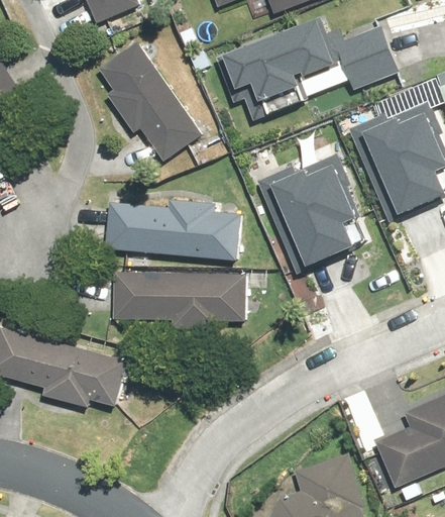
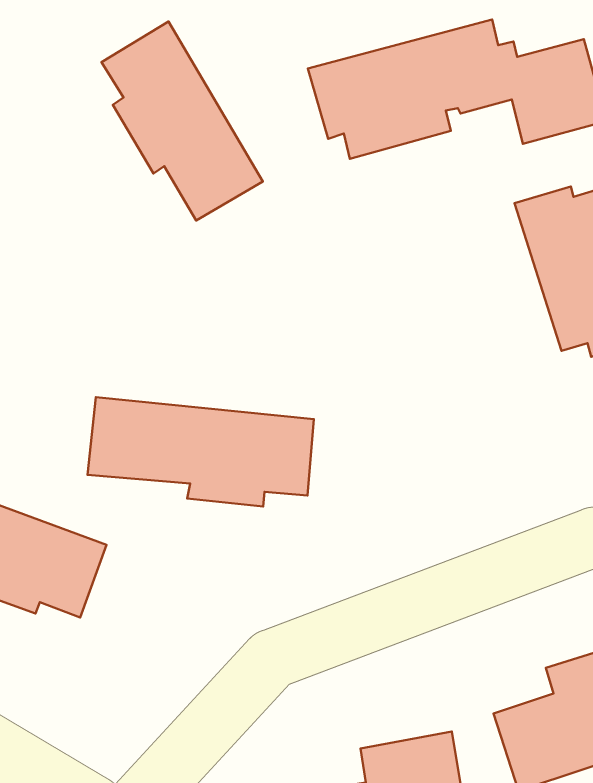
building: [264,161,368,273] -> none
building: [103,199,240,261] -> none

